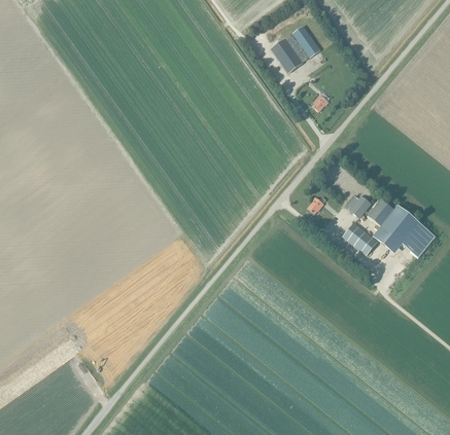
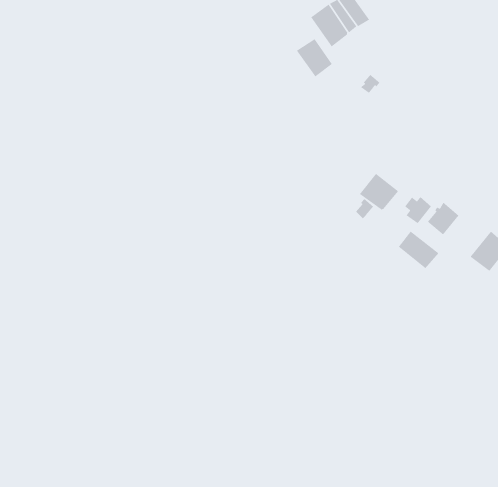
building: none -> [296,38,333,78]
building: none -> [359,173,399,211]
building: [380,206,419,245] -> none

